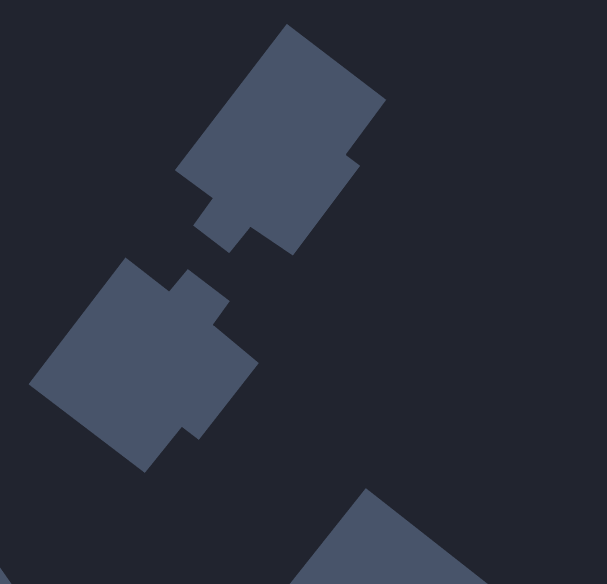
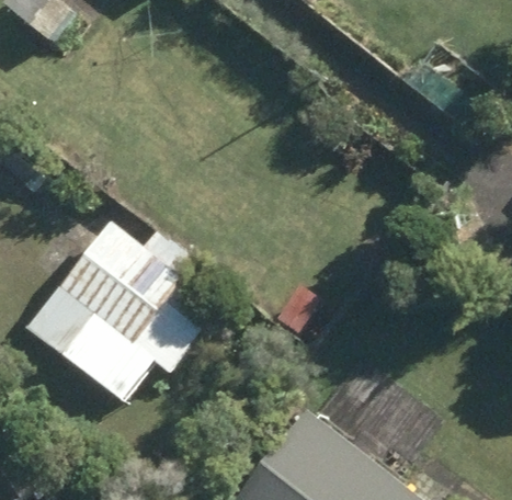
building: [174,23,387,257] -> none

